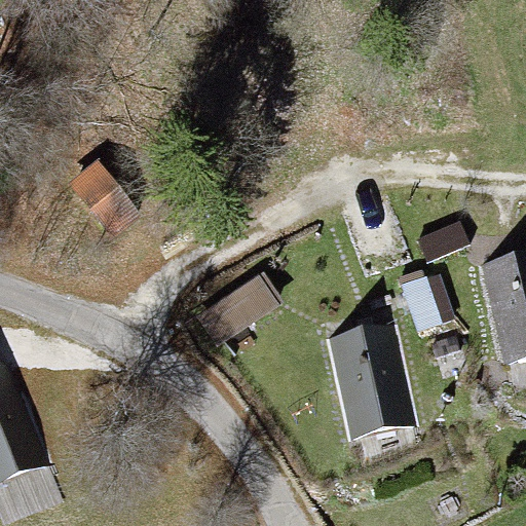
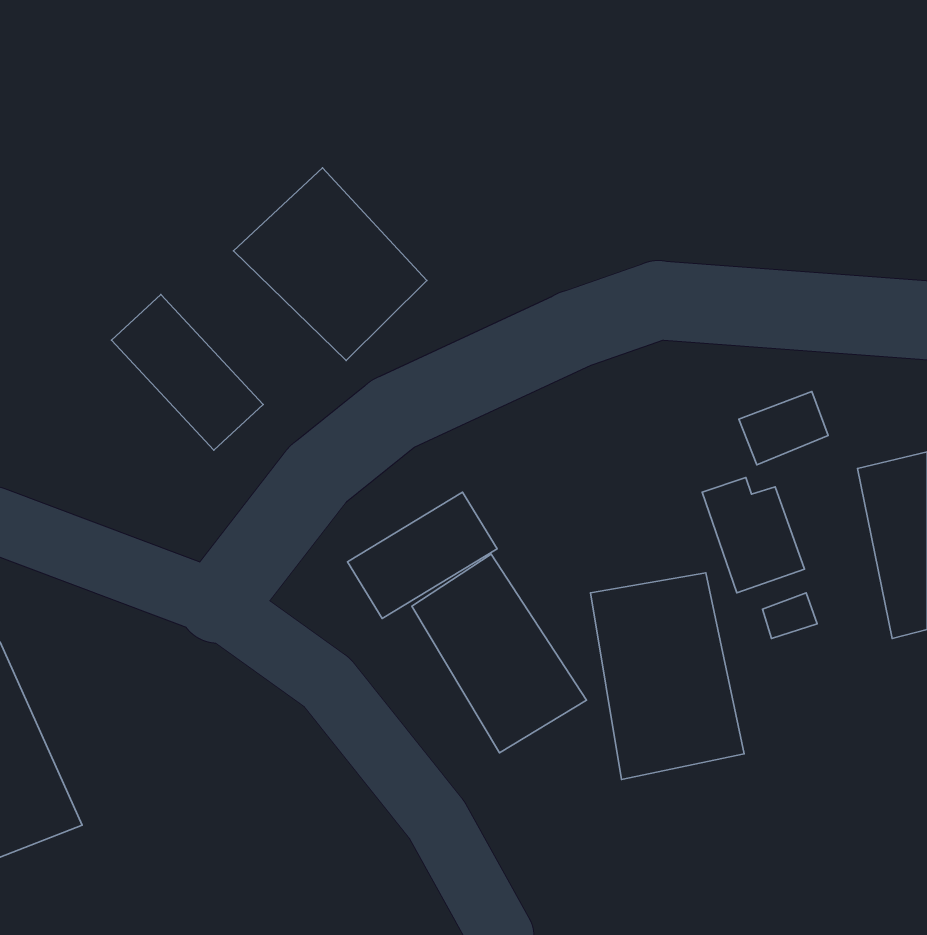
building: none -> [234,168,427,360]
building: none -> [412,554,587,753]

